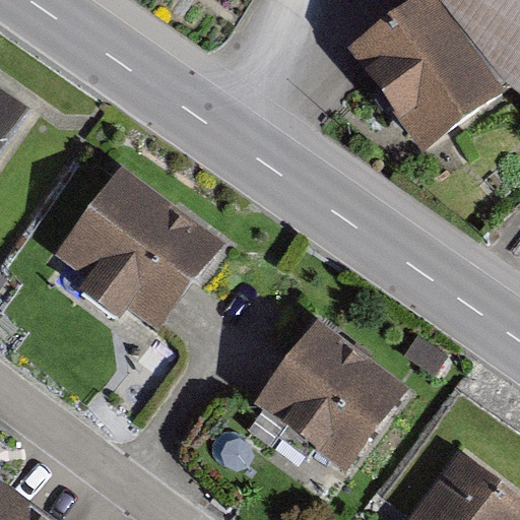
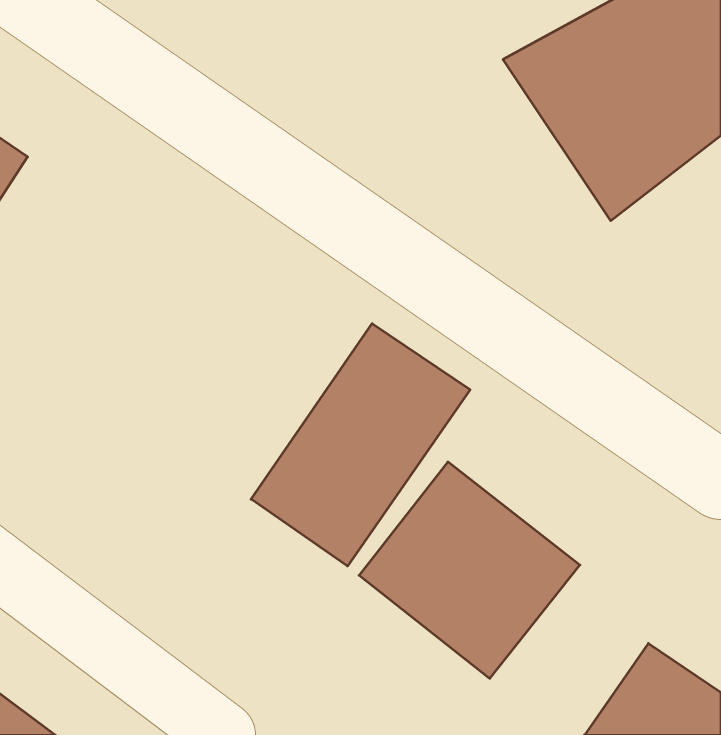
building: [57,169,218,325] -> none
building: none -> [251,324,470,566]

